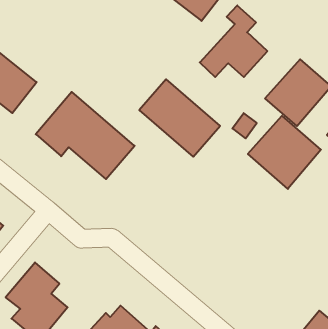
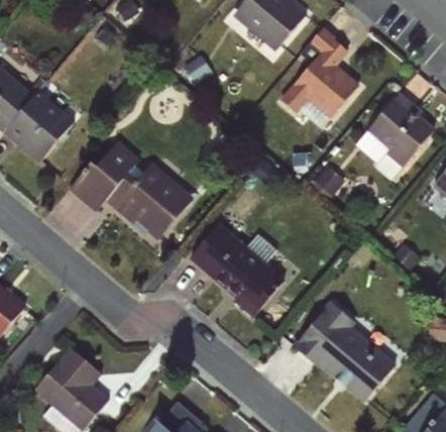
building: [139,79,220,157] -> [188,218,288,314]
building: [248,116,321,189] -> none
building: none -> [291,298,399,406]

